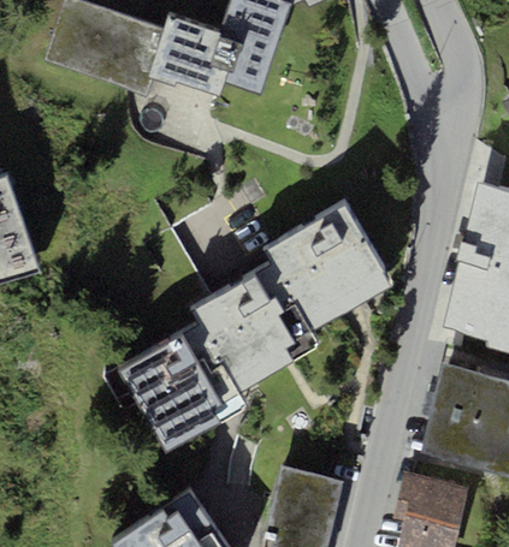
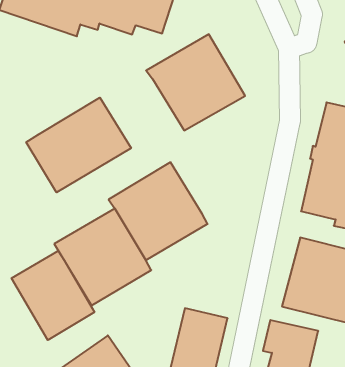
building: none -> [26,98,131,192]
building: [262,203,393,331] -> [146,34,245,130]
building: none -> [12,251,94,340]

